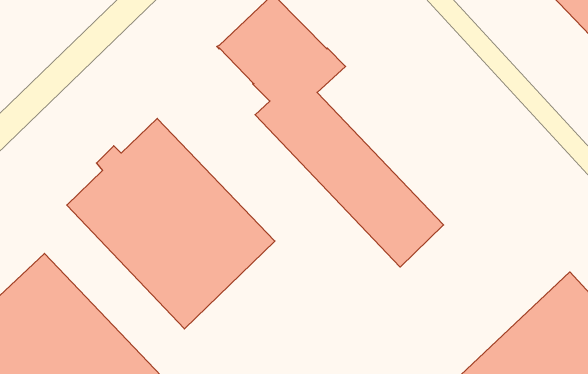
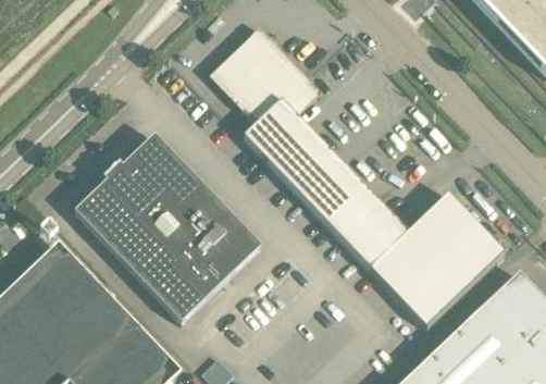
building: none -> [371,191,506,326]

